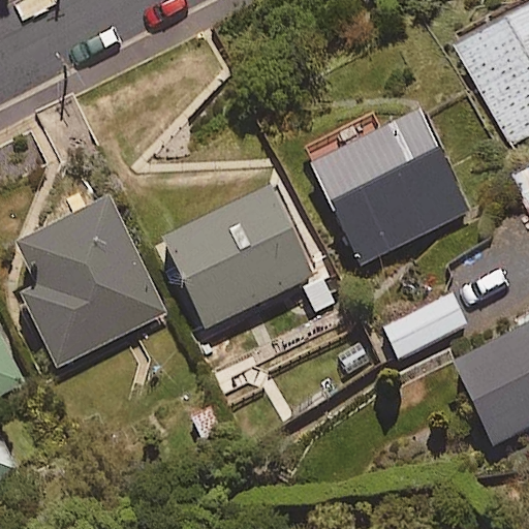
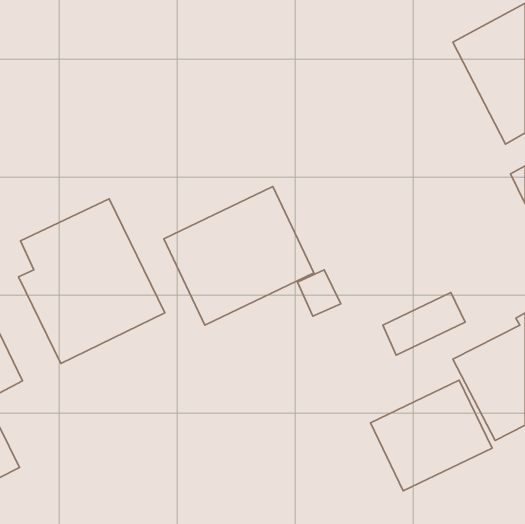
building: [304,107,472,262] -> none
building: none -> [370,380,492,491]

